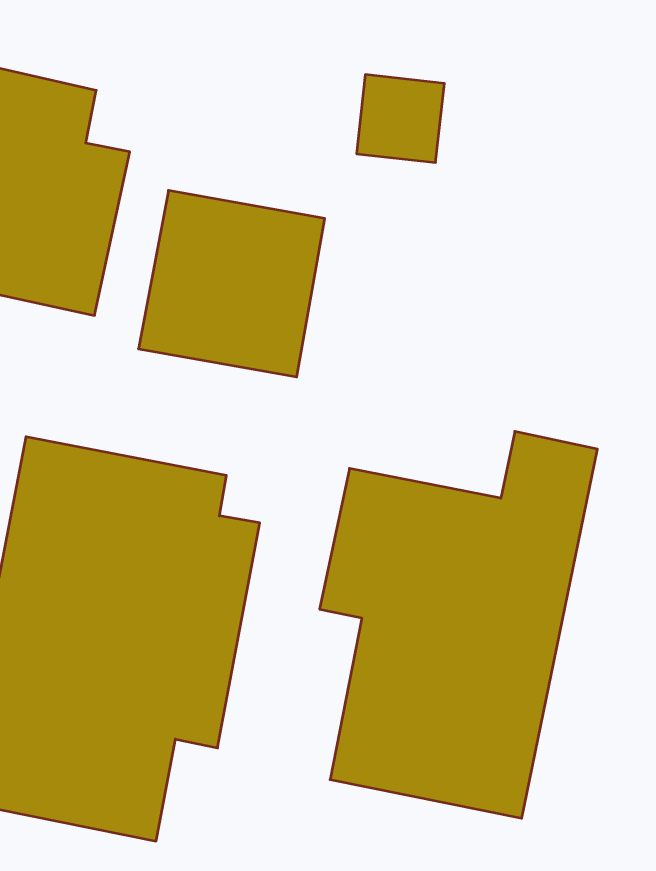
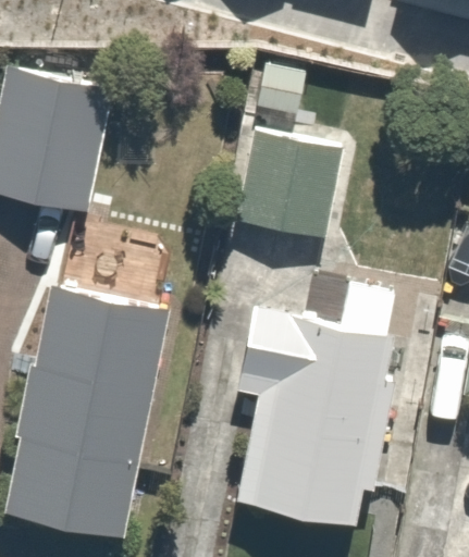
building: [138,190,325,377] -> [231,126,346,242]

